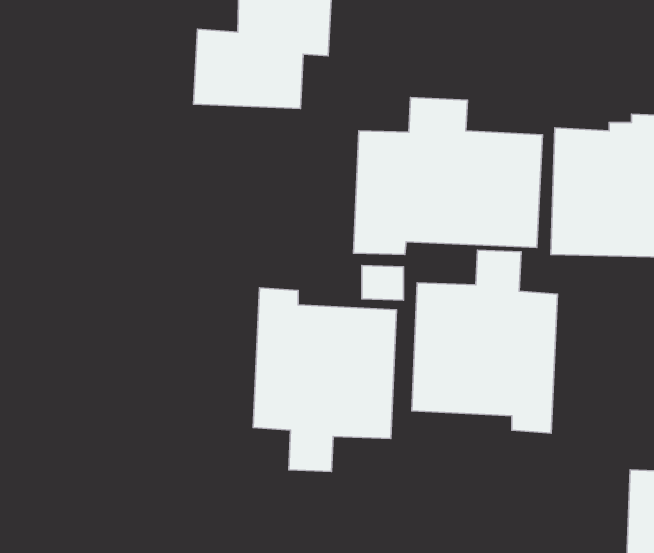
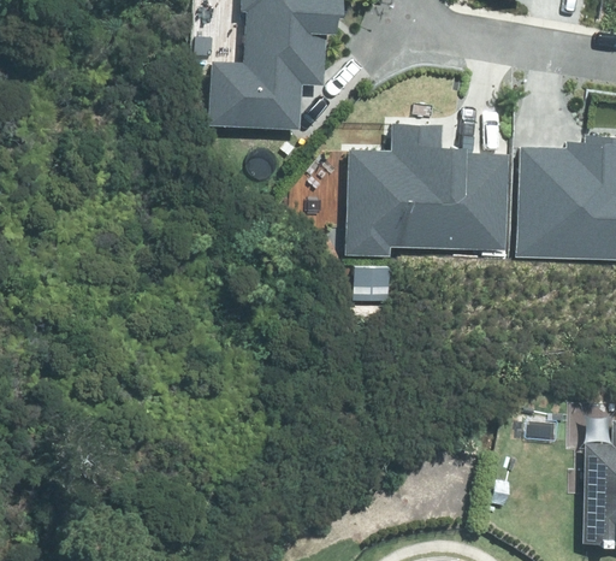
building: [412,250,558,433] -> none
building: [253,288,396,472] -> none

